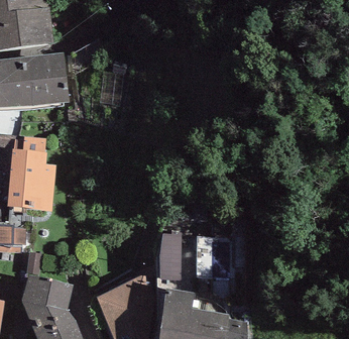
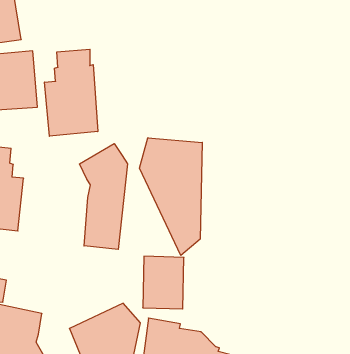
building: none -> [45,49,98,136]
building: none -> [139,138,202,255]
building: none -> [80,144,128,249]

